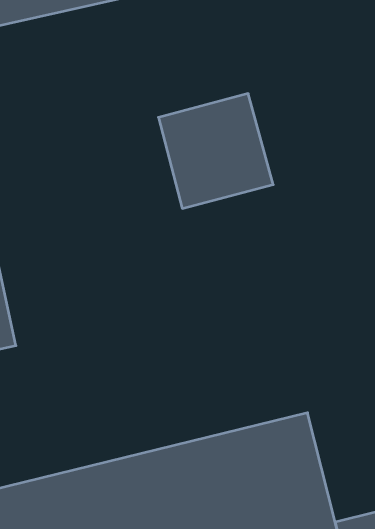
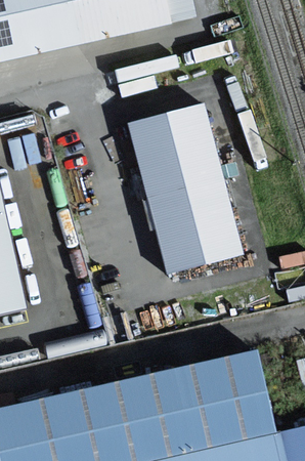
building: none -> [150,178,239,268]

